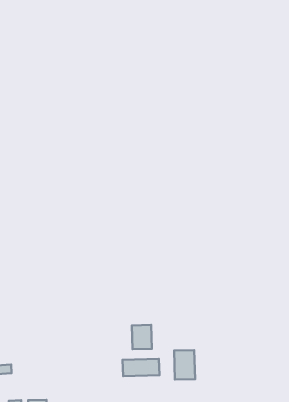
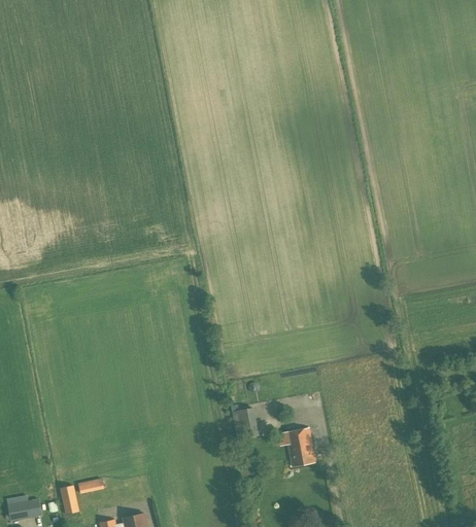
building: [122,359,159,376] -> none

